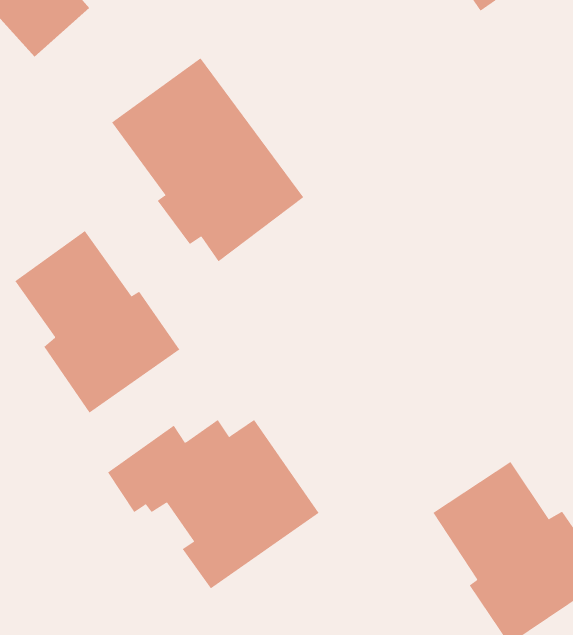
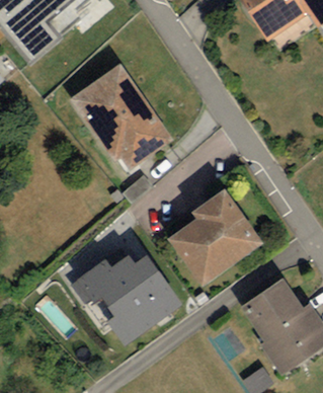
building: [14,230,180,413] -> none
building: none -> [167,190,261,287]

